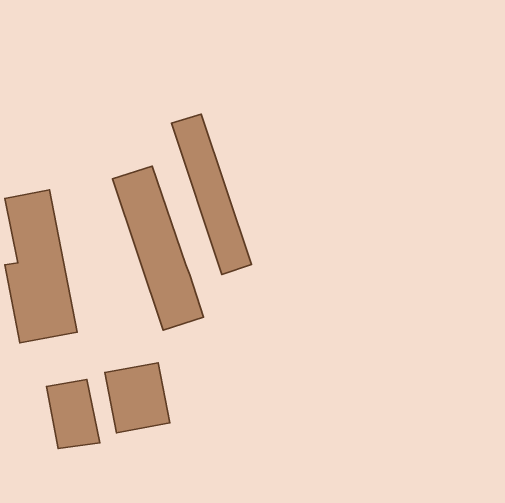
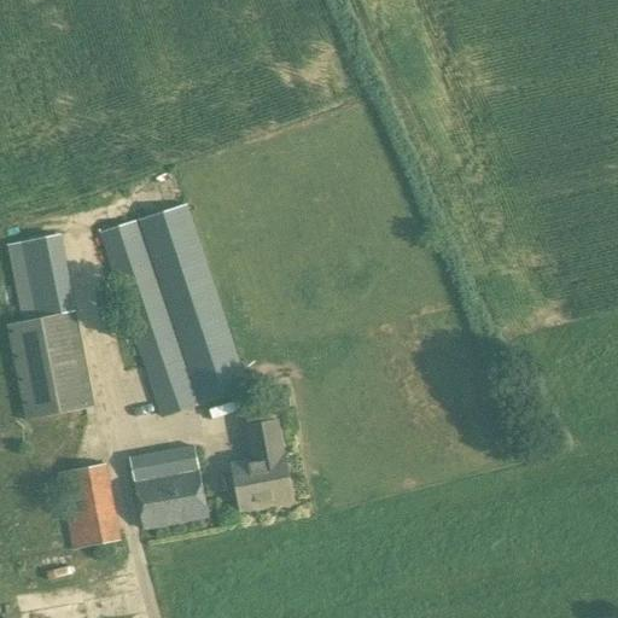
building: [171,114,252,274] -> [99,220,197,415]
building: none -> [233,420,292,509]

